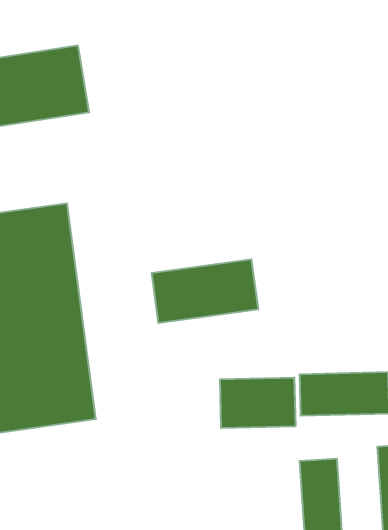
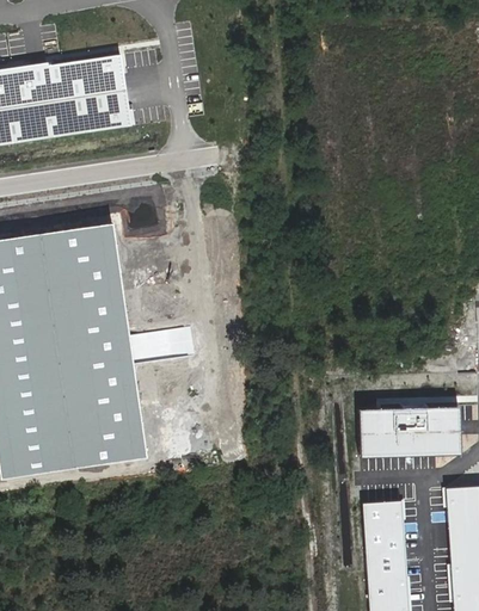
building: [152,259,258,323] -> none
building: [220,377,295,428] -> none

